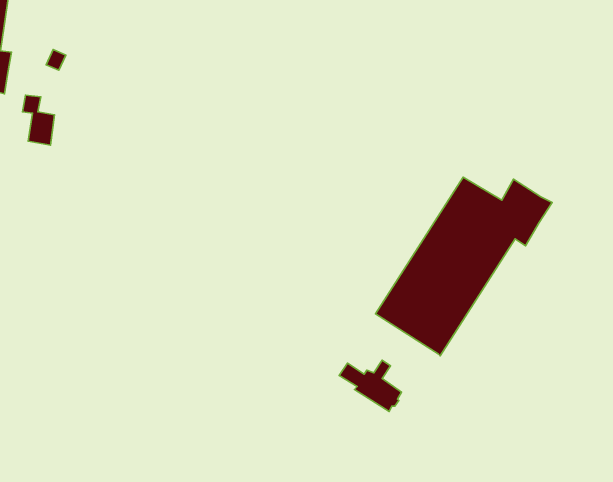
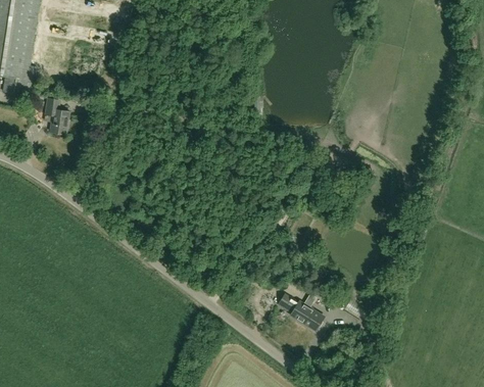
building: [376,177,552,356] -> none

